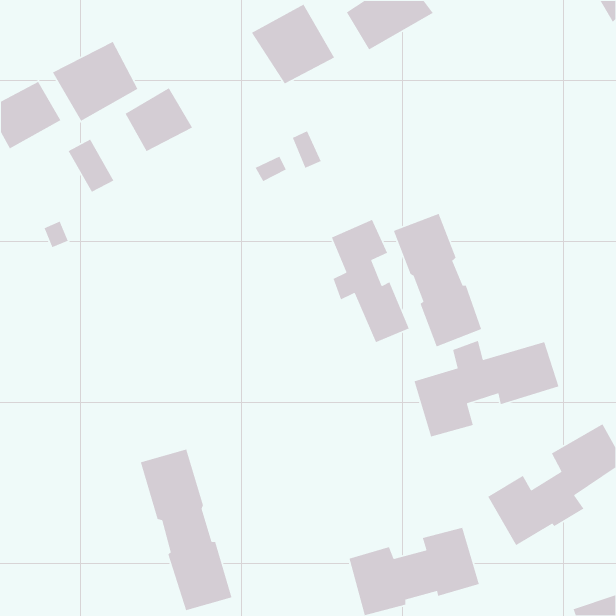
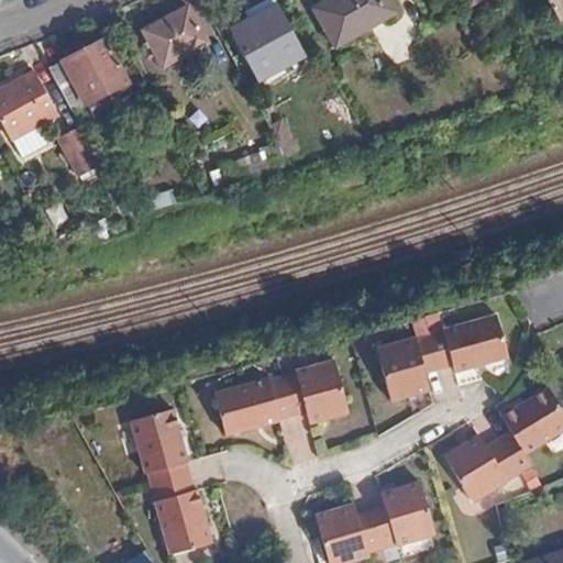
building: [125,87,193,152] -> [143,5,206,65]
building: [393,213,482,347] -> none
building: [331,219,410,343] -> none
building: none -> [211,361,347,437]

